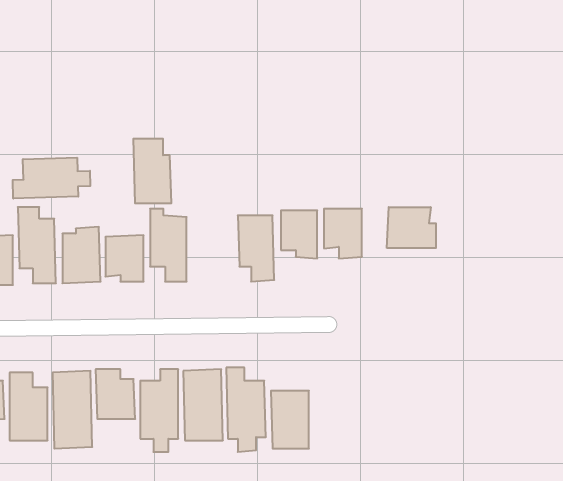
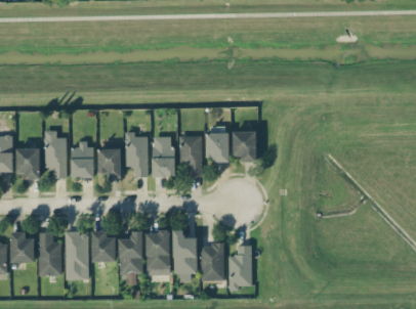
building: [133,139,171,203] -> [152,136,175,176]
building: [13,158,90,199] -> none
building: [387,207,436,248] -> none
building: none -> [228,245,251,291]

